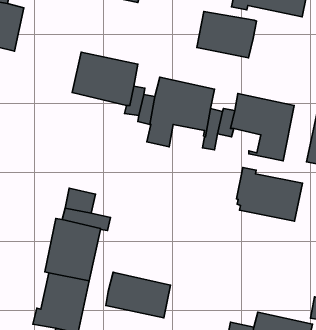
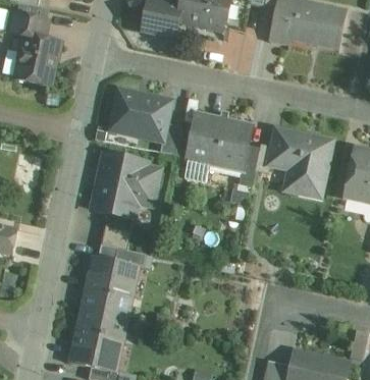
building: [197,11,257,58] -> none
building: none -> [92,153,159,218]
building: [237,167,302,221] -> none
building: [106,272,170,318] -> none

